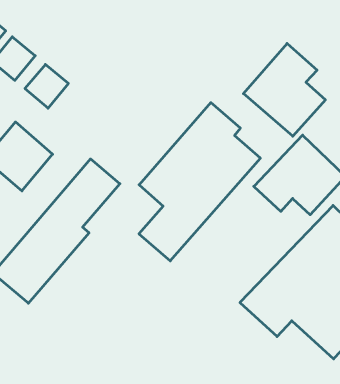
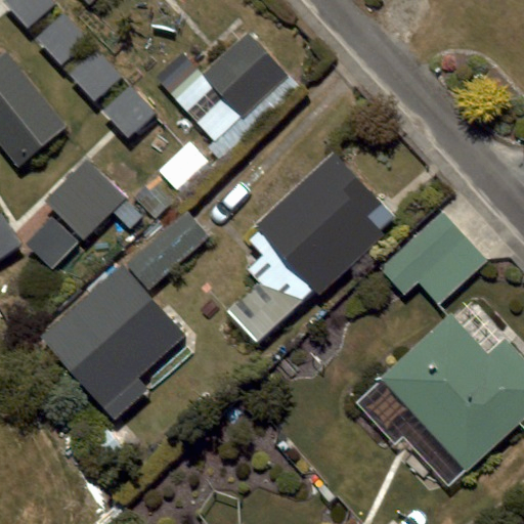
building: none -> [166,25,296,152]
building: [243,43,325,136] -> none
building: none -> [78,300,194,424]

